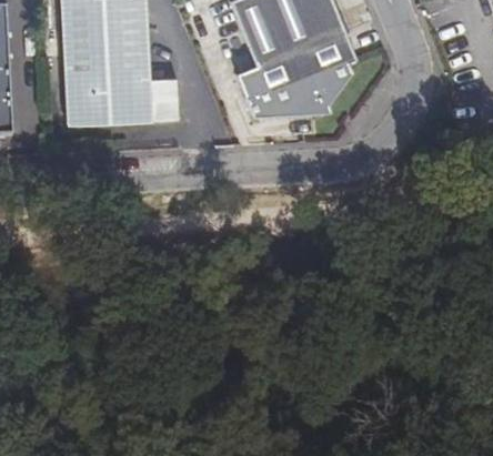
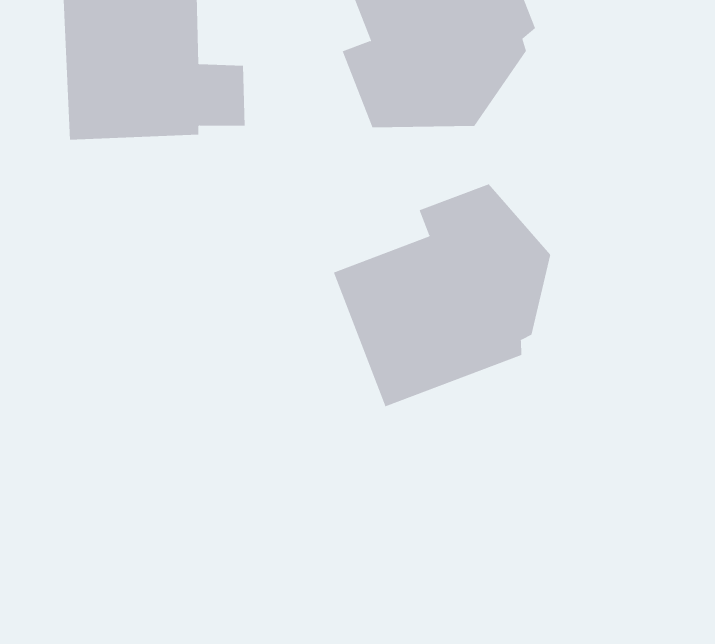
building: none -> [333,184,551,407]

